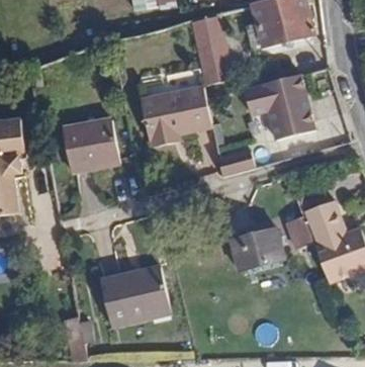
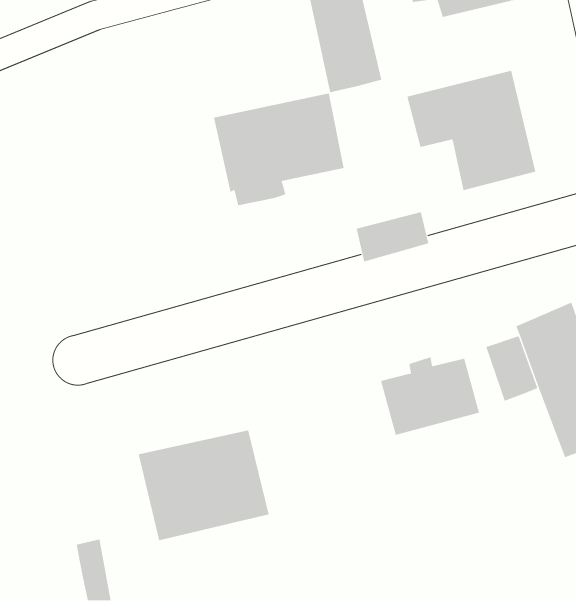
building: [63,119,119,171] -> none

